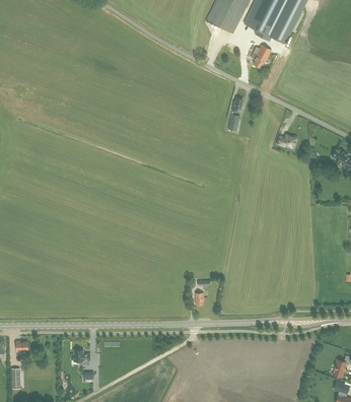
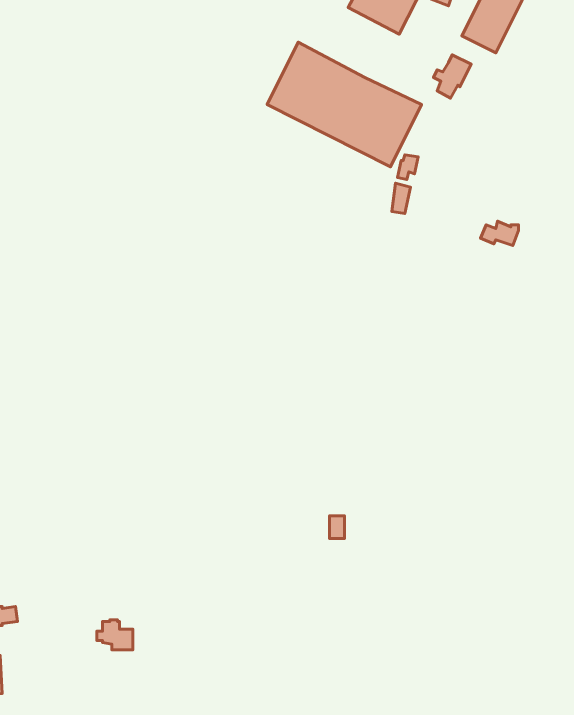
building: none -> [267,42,422,167]

